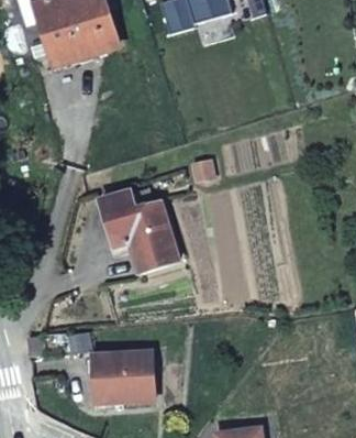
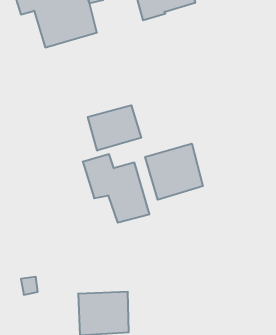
building: none -> [88,105,141,151]
building: none -> [145,144,203,200]

